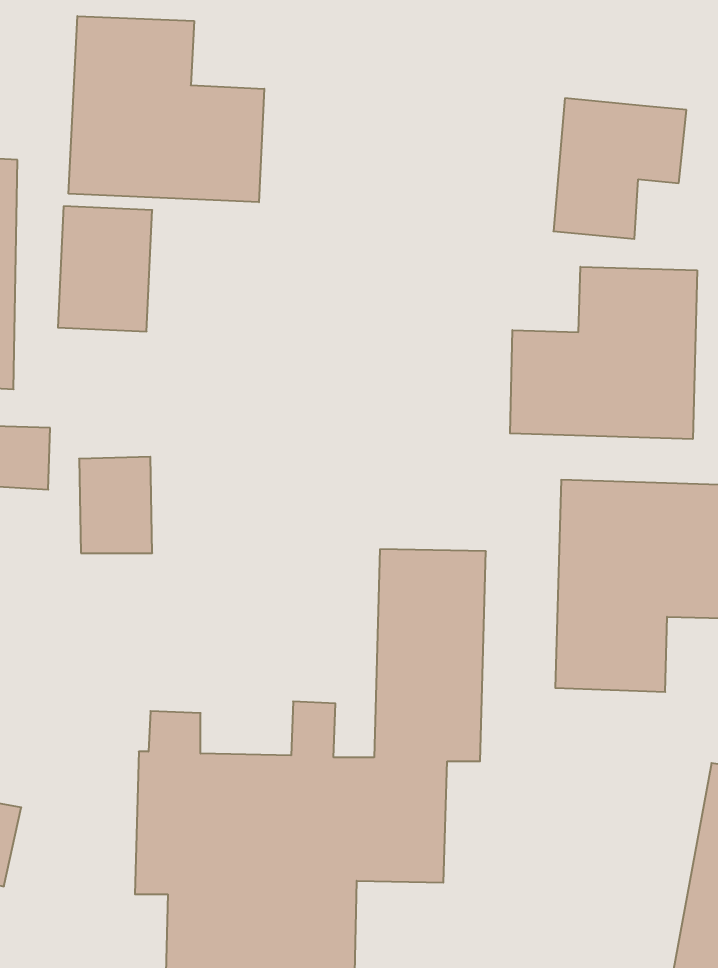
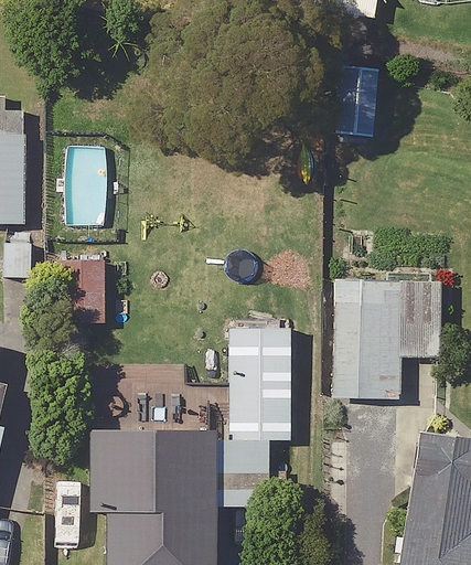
building: [69,16,264,202] -> none
building: [510,267,697,439] -> none

